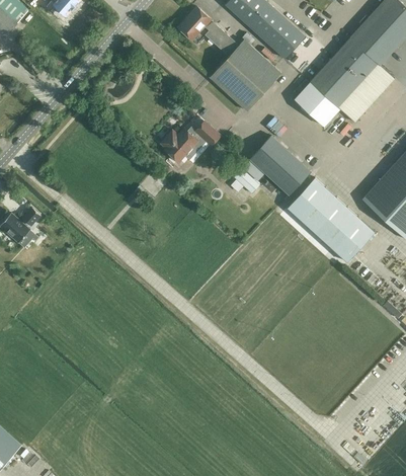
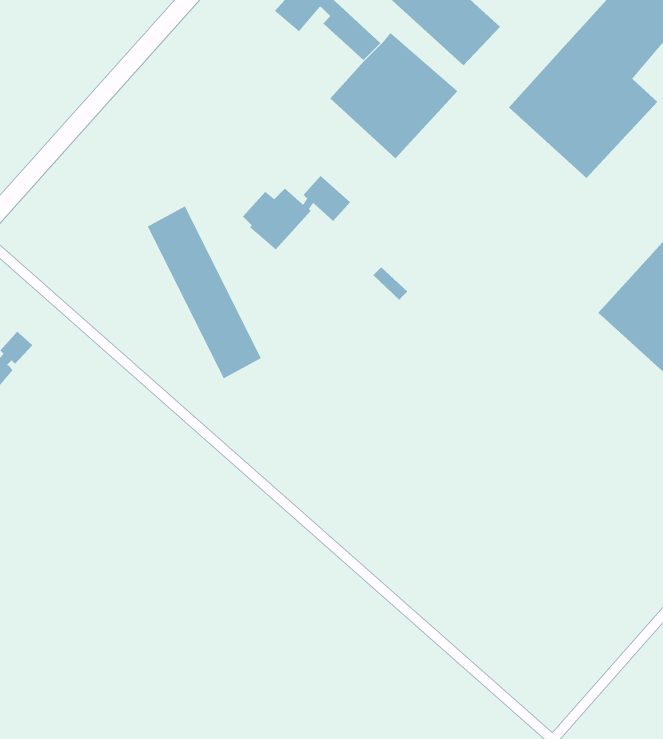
building: [294,82,339,127] -> none
building: [248,135,311,196] -> none
building: none -> [147,206,262,379]
building: [287,178,374,262] -> none

